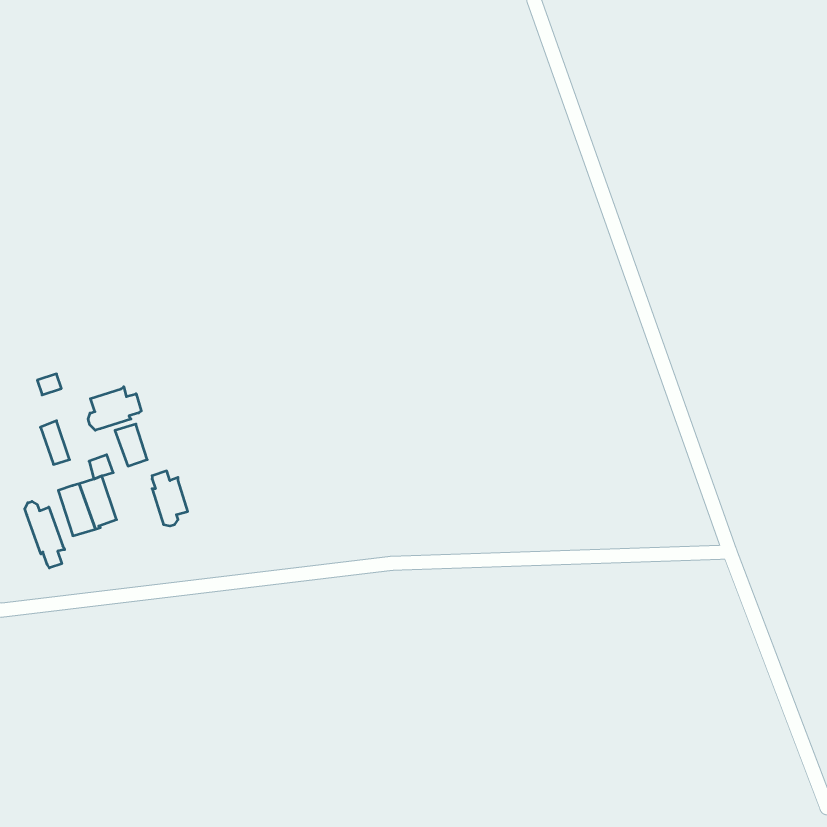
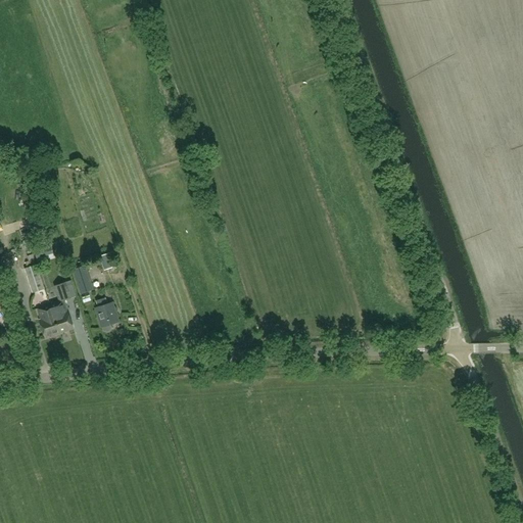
building: [88,387,141,430] -> none
building: [25,501,65,568] -> none

